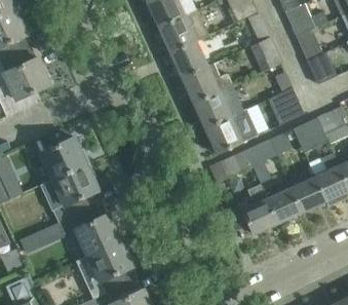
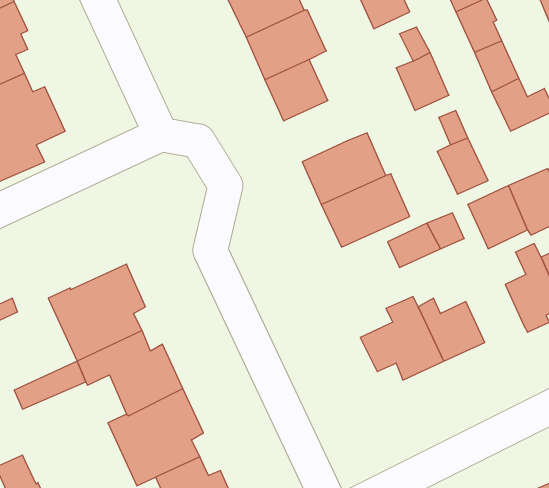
building: [182,66,220,103] -> none
building: [41,137,87,180] -> none
building: [209,151,252,183] -> none
building: [292,177,326,212] -> none

